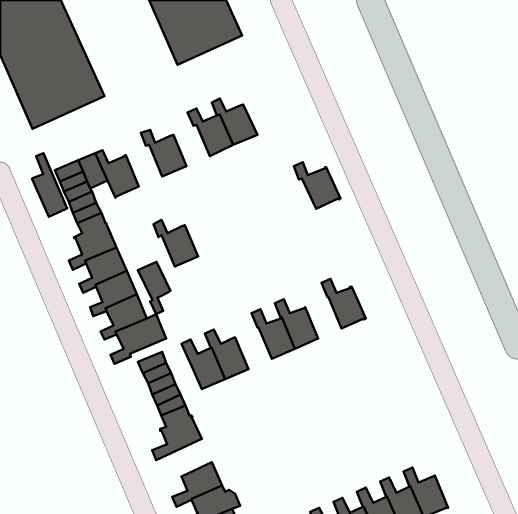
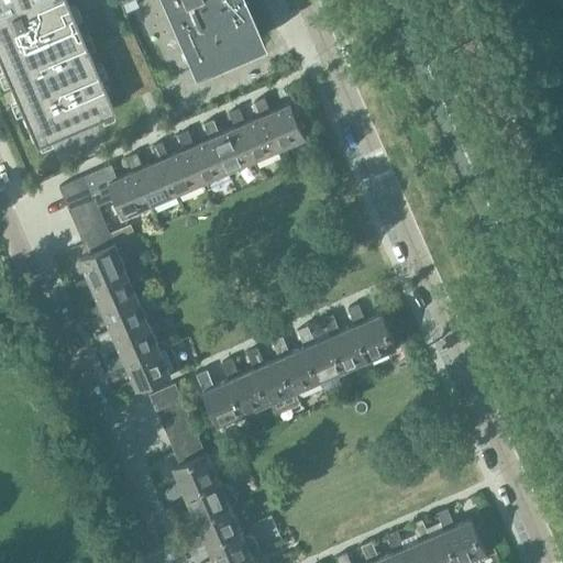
building: none -> [178,134,228,185]
building: [32,153,67,217] -> none
building: [294,162,340,209] -> [255,100,306,151]
building: [153,220,198,267] -> [128,156,176,207]
building: [138,262,171,314] -> none
building: none -> [323,318,371,372]
building: none -> [247,351,295,405]
building: none -> [176,481,230,529]

